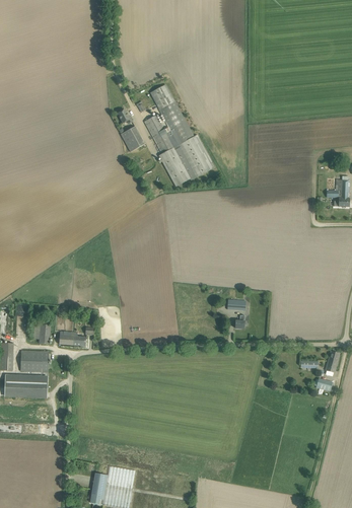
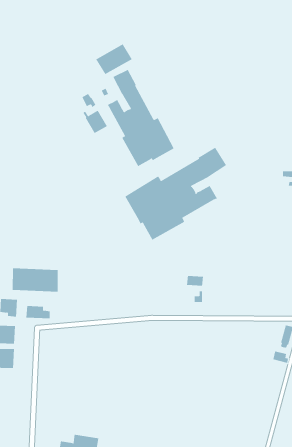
building: none -> [96,44,132,75]
building: none -> [124,147,227,241]
building: none -> [12,268,58,292]

